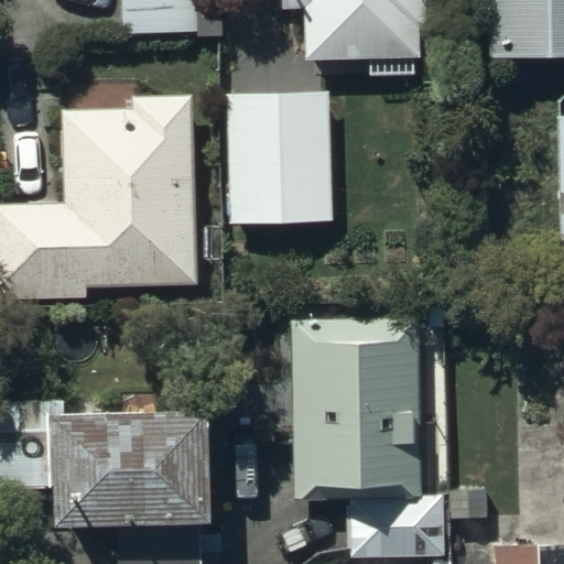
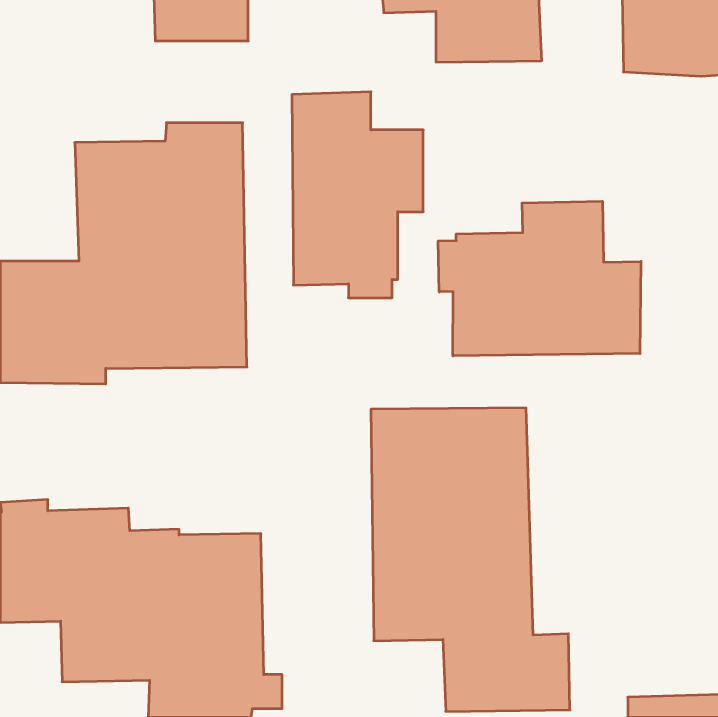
building: none -> [438,201,641,356]

